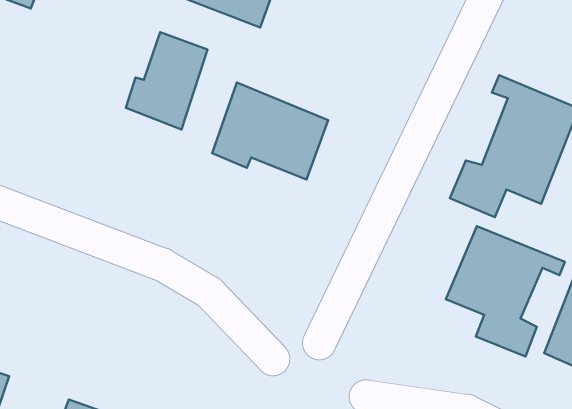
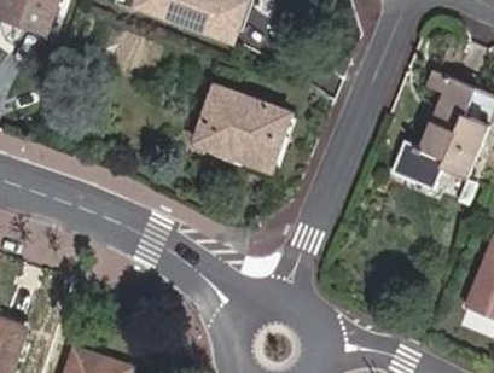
building: [126,32,207,130] -> none
building: [446,226,565,356] -> none

